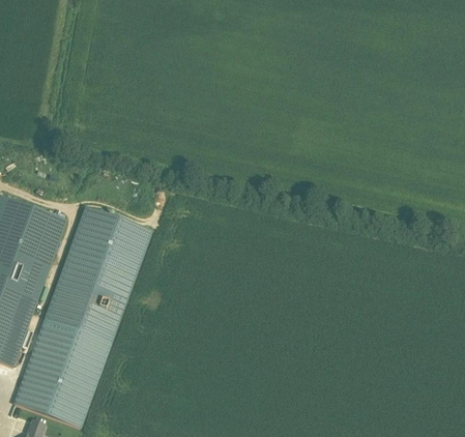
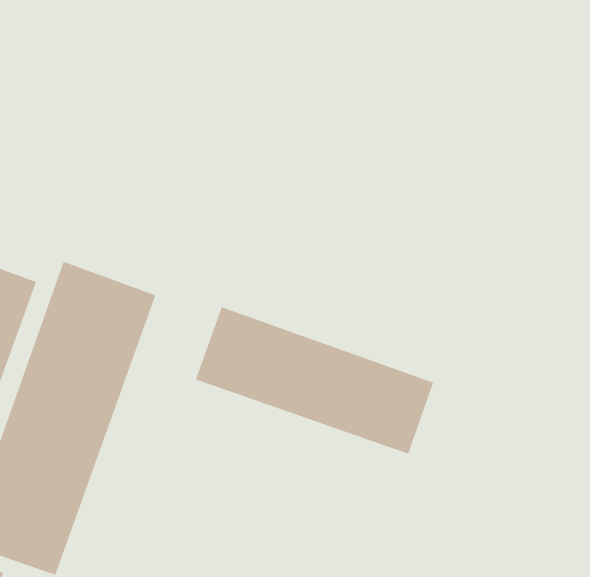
building: none -> [195,307,434,455]

